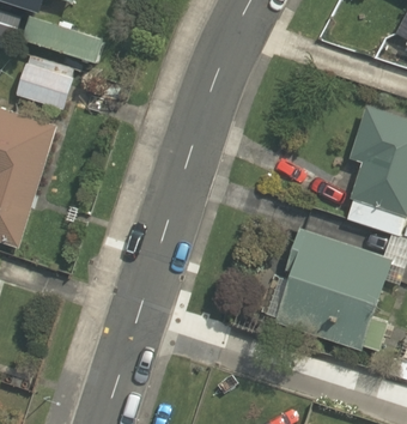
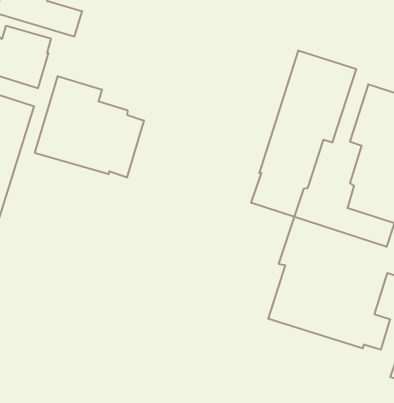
building: none -> [251,50,356,217]
building: none -> [35,76,144,178]

